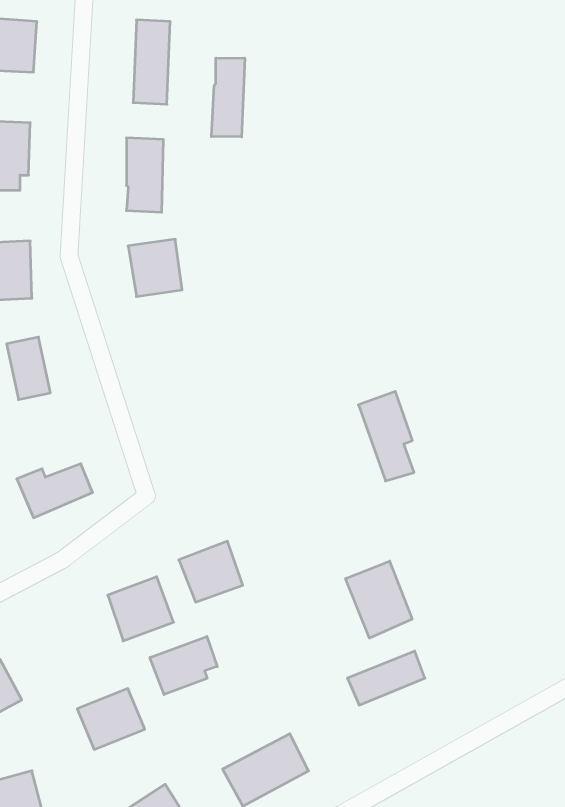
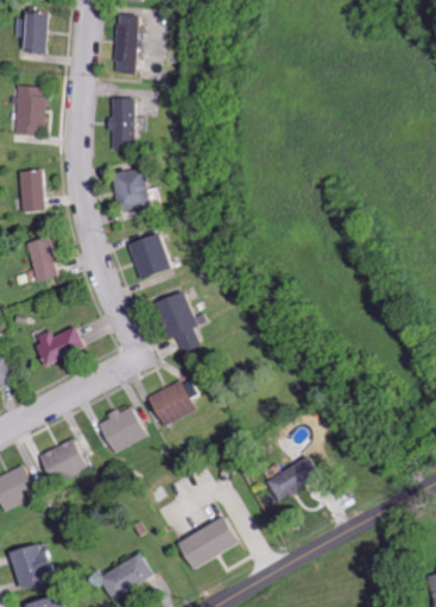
building: [211,58,245,137] -> none
building: none -> [129,233,175,280]
building: [358,391,414,481] -> [160,292,200,355]
building: [346,561,412,638] -> none
building: [150,636,217,695] -> none
building: [77,689,145,749] -> [38,438,86,481]

